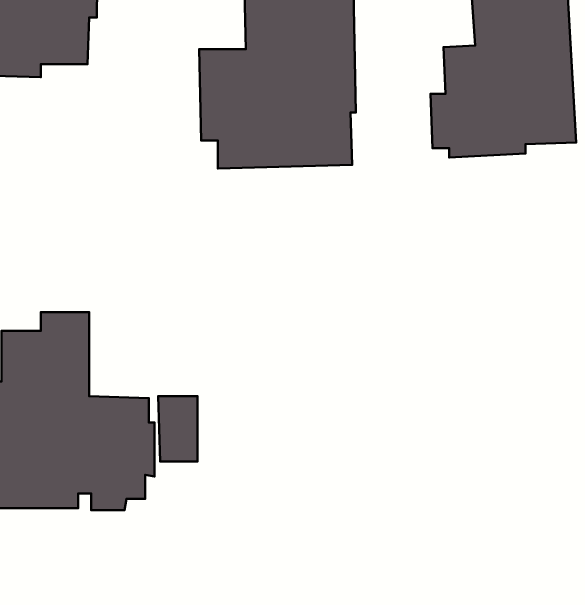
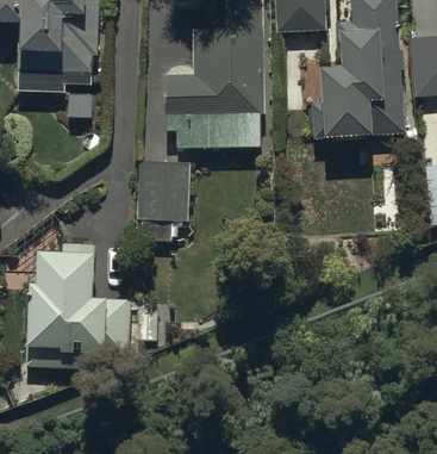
building: none -> [136,158,189,240]

